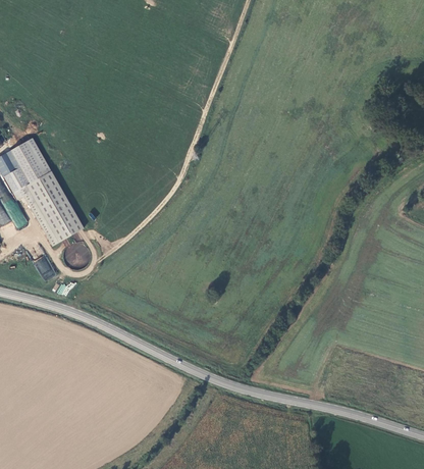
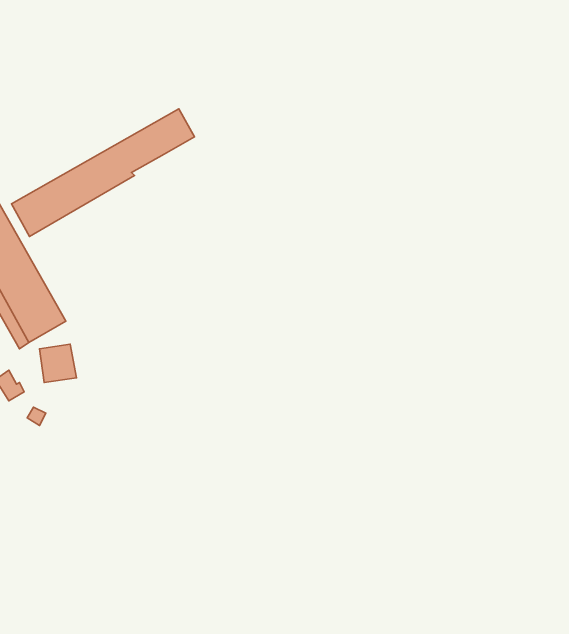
building: none -> [12,109,195,236]

